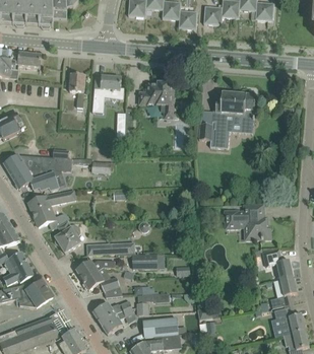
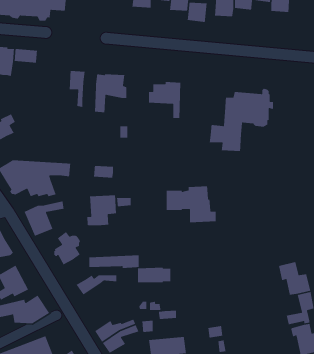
building: none -> [87,195,117,226]
building: [224,205,270,239] -> [166,186,217,223]
building: [82,267,119,290] -> none

